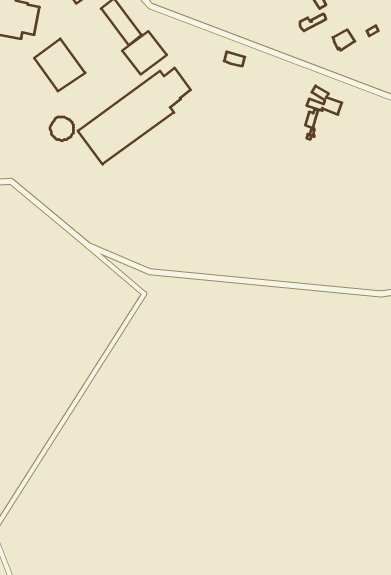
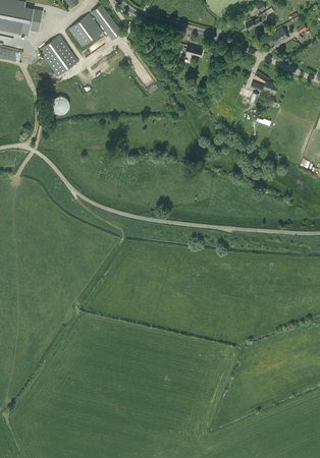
building: [122,31,167,74] -> [68,14,103,48]
building: [78,68,191,164] -> none

